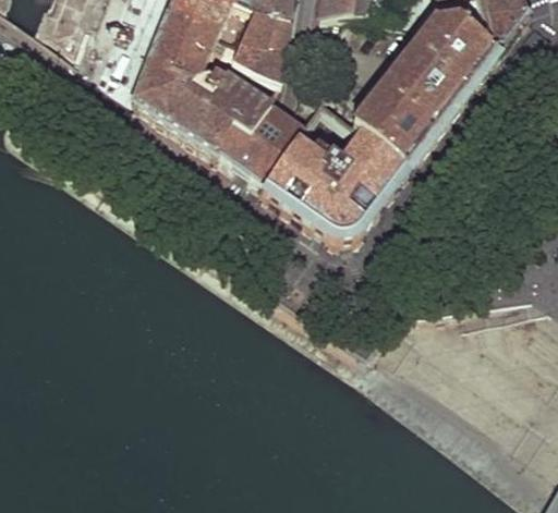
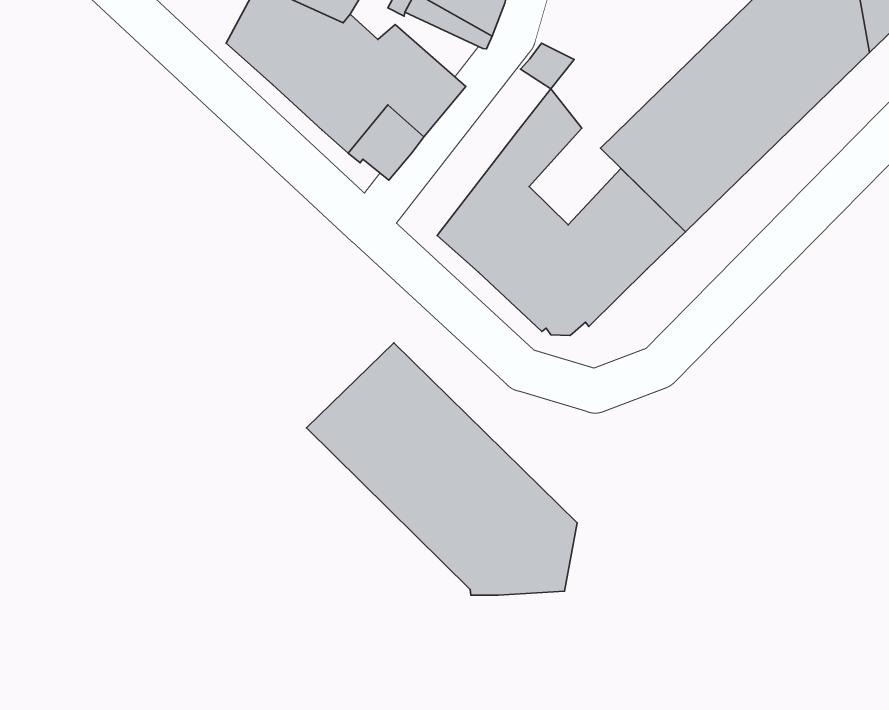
building: [247,118,302,194] -> none
building: none -> [307,343,577,595]

